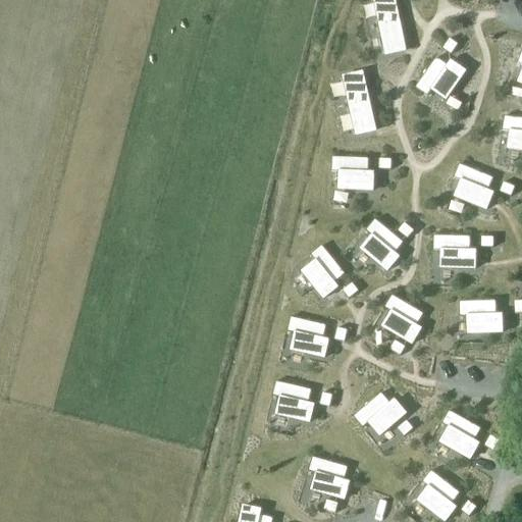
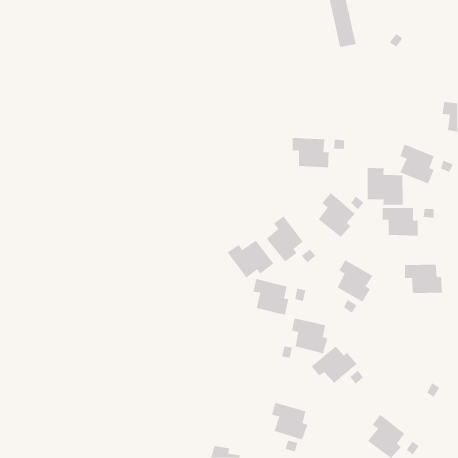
building: [415,57,466,99] -> none
building: [343,71,375,135] -> none
building: none -> [367,167,403,205]
building: none -> [227,240,274,279]
building: [272,381,314,422] -> [291,318,328,354]
building: [440,410,481,459] -> none

